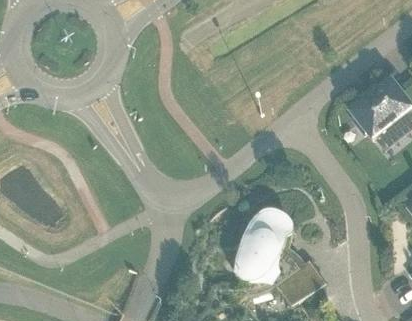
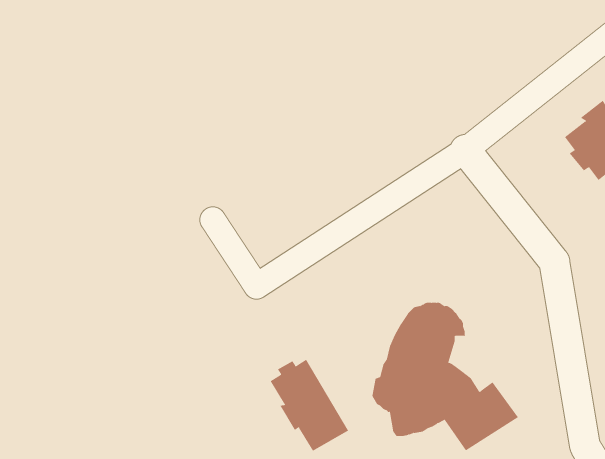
building: none -> [270,359,349,452]

